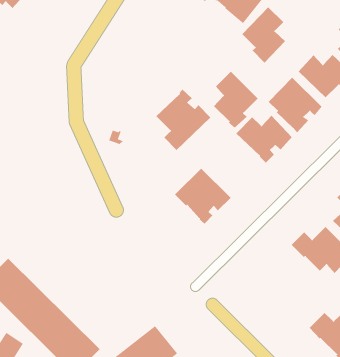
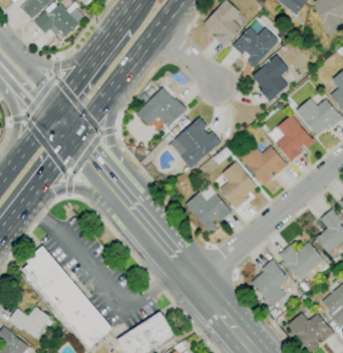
building: none -> [134,87,187,127]
building: [213,71,258,128] -> [219,161,257,210]
building: none -> [251,260,296,307]

